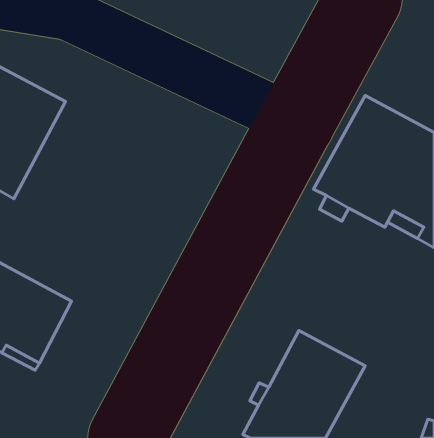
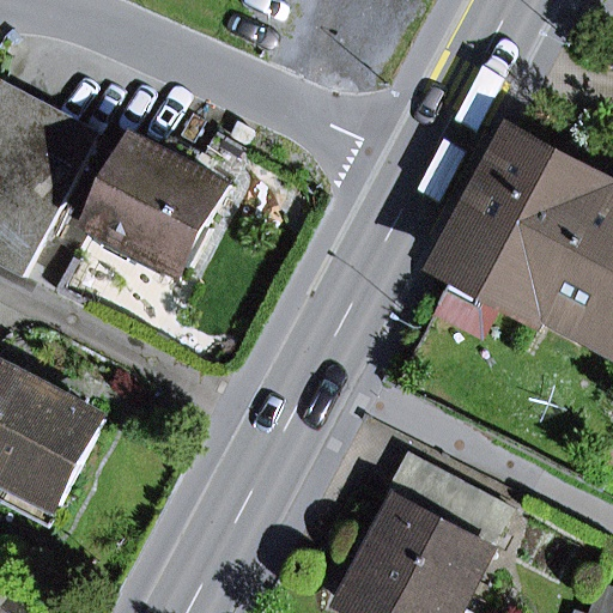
building: none -> [86,138,225,272]

